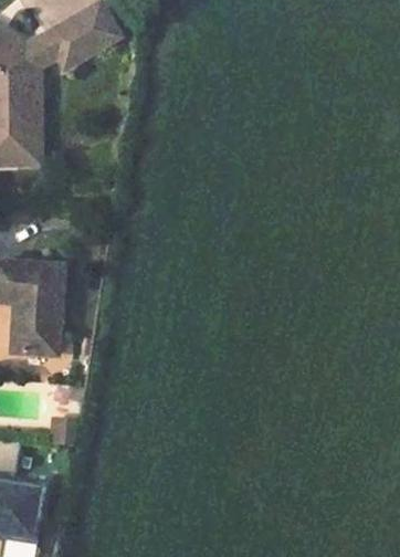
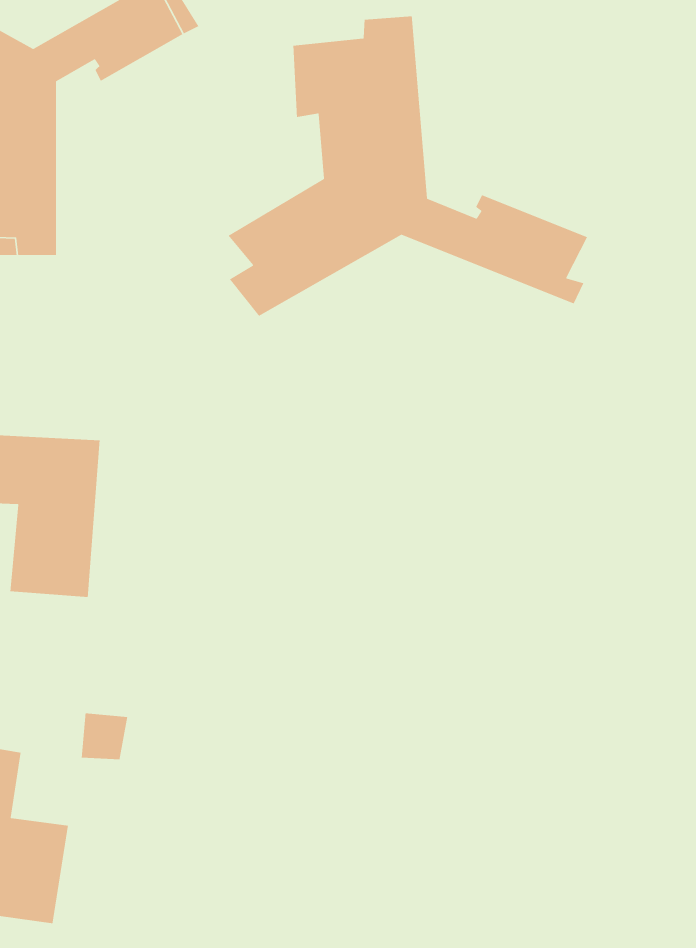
building: none -> [228,16,588,317]

